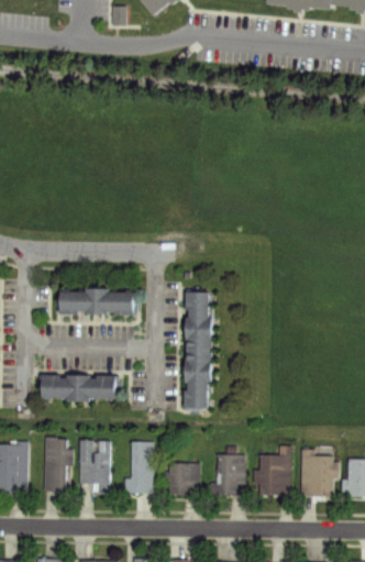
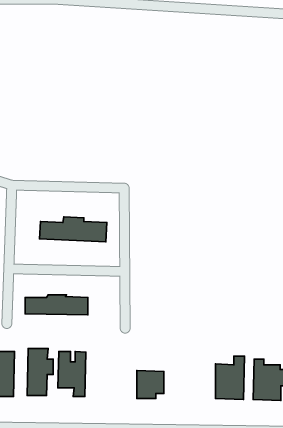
building: [184,291,211,409] -> none
building: [126,442,153,492] -> none
building: [217,454,246,495] -> none

